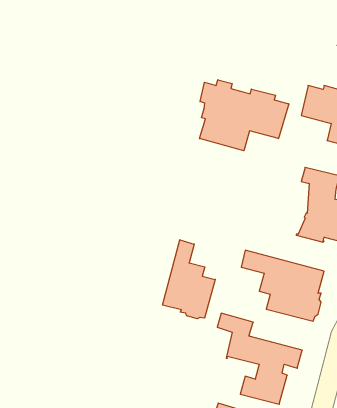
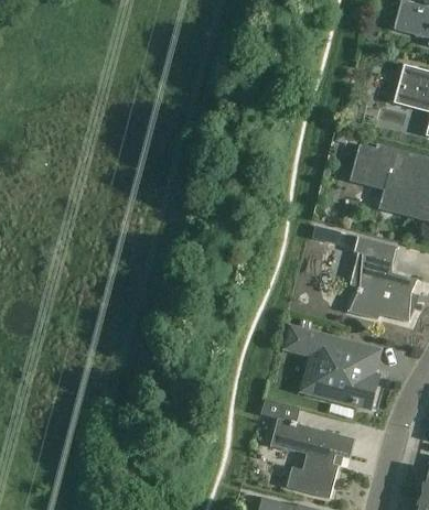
building: [200,80,289,151] -> none
building: [163,240,215,319] -> none

